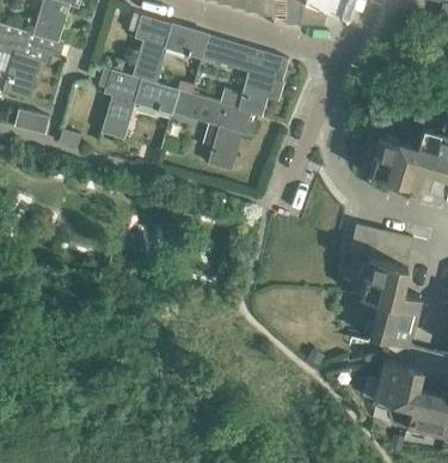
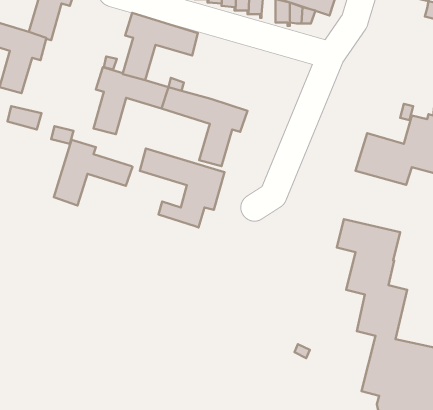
building: [202,35,288,115] -> [140,148,224,227]
building: none -> [54,140,133,205]

